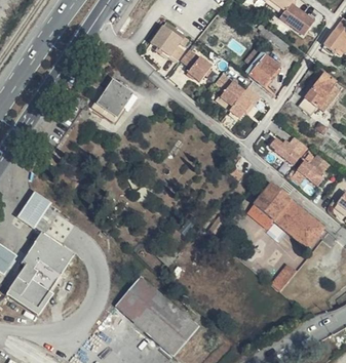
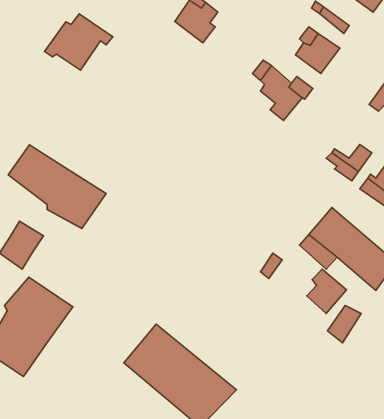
building: [179,47,210,81] -> none
building: [83,74,136,117] -> [44,14,113,70]
building: none -> [8,145,106,228]
building: none -> [307,269,346,314]

